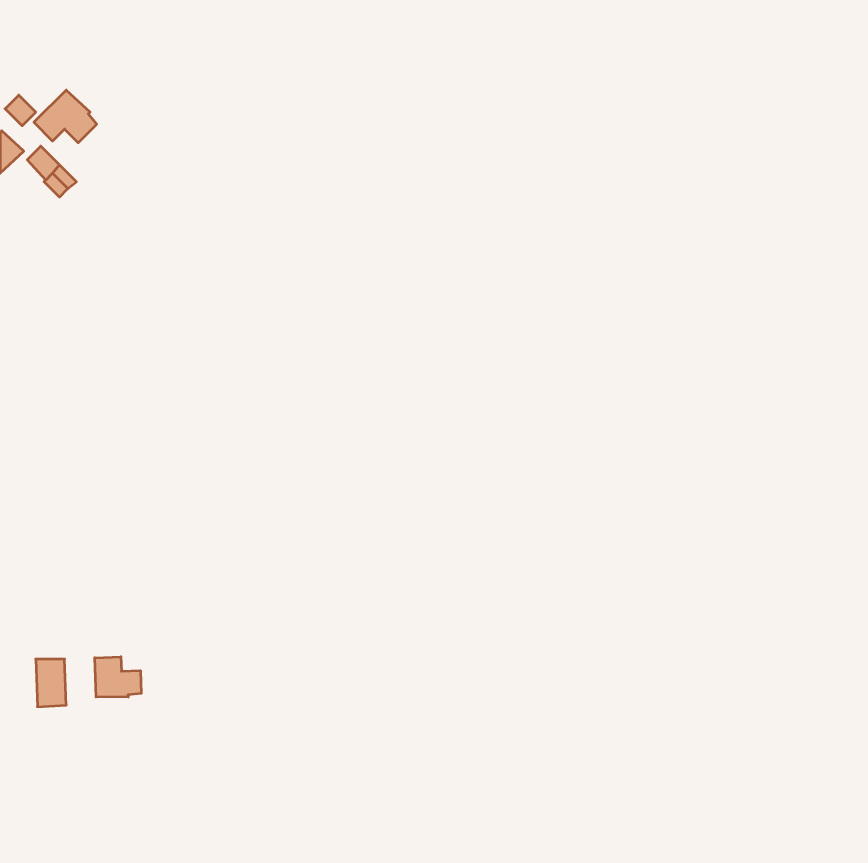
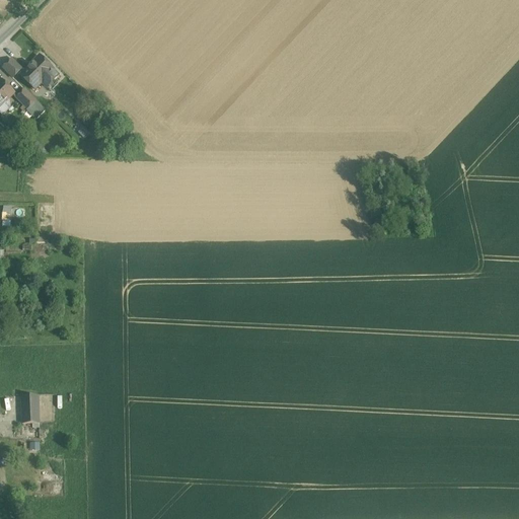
building: [95,657,141,697] -> none

